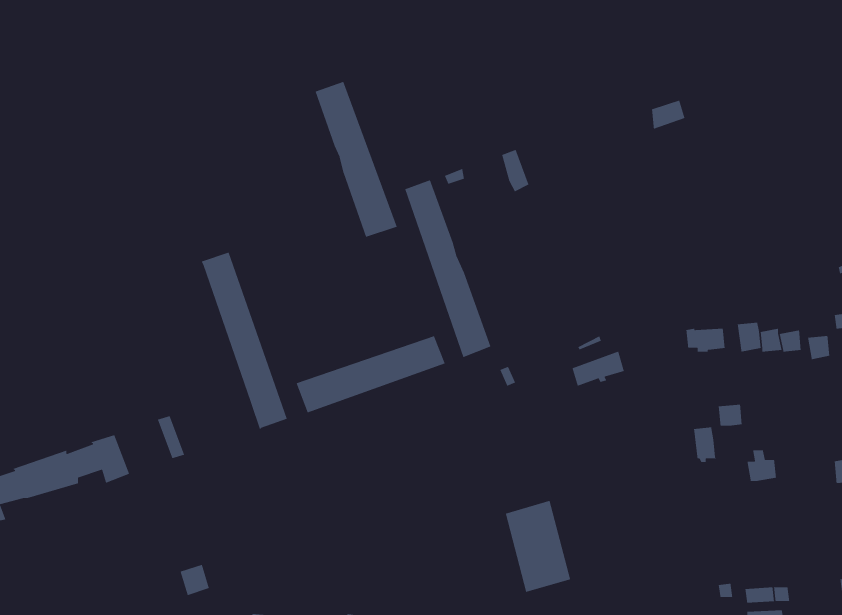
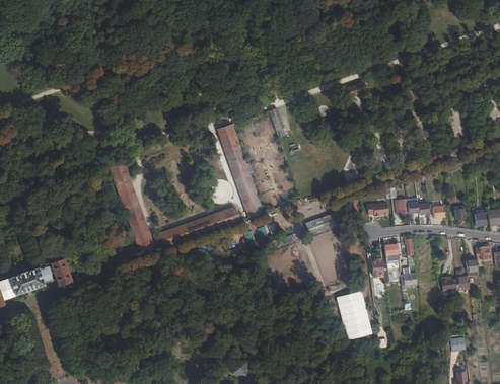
building: [315,81,398,238] -> none
building: [505,500,571,593] -> [335,291,370,340]

